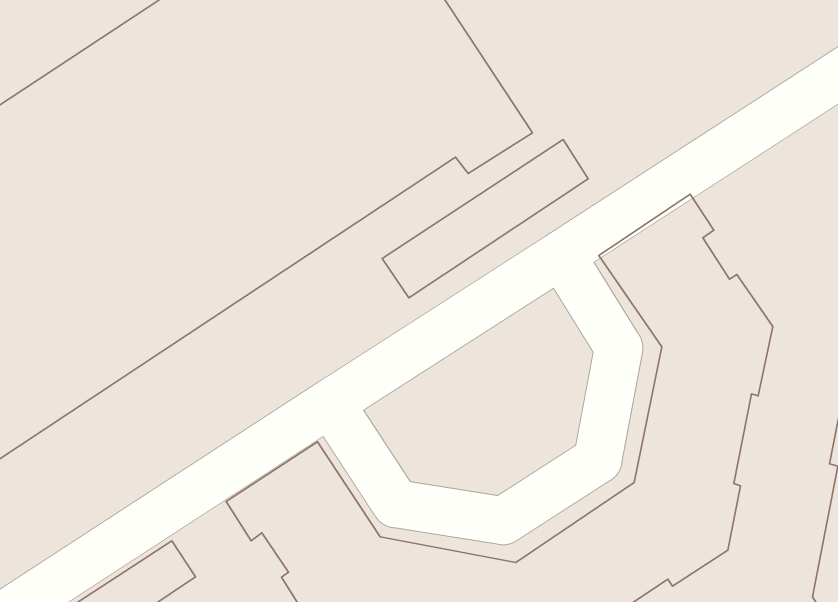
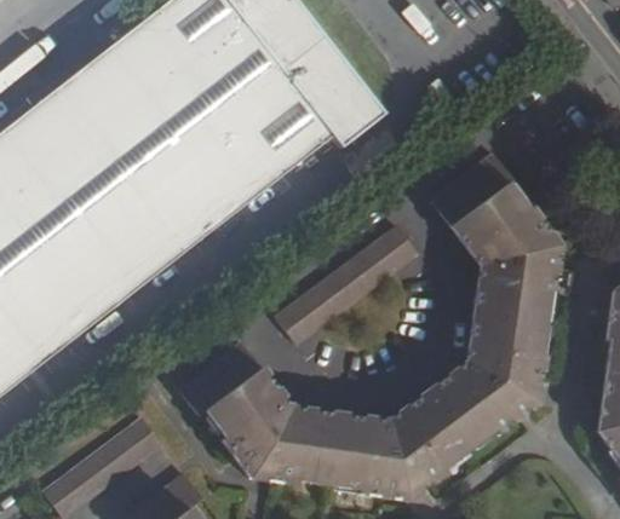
building: [382,139,588,298] -> [279,226,420,345]

